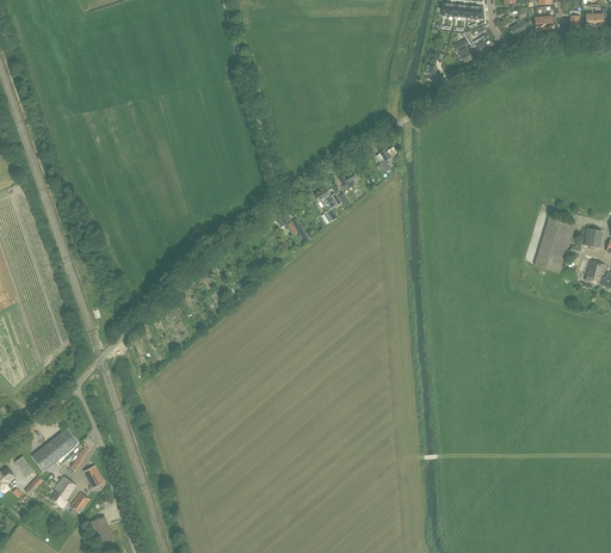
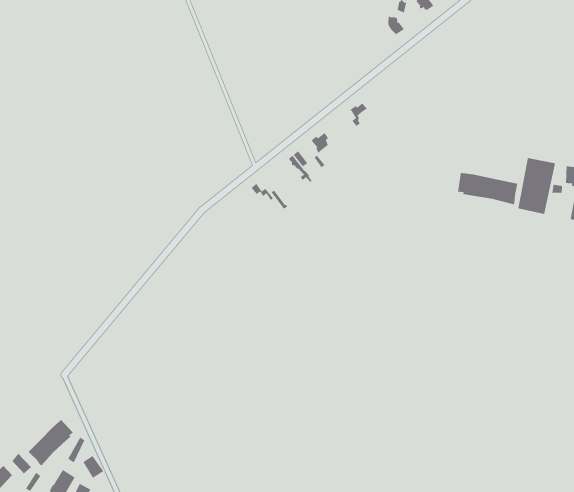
building: none -> [457,172,518,205]

